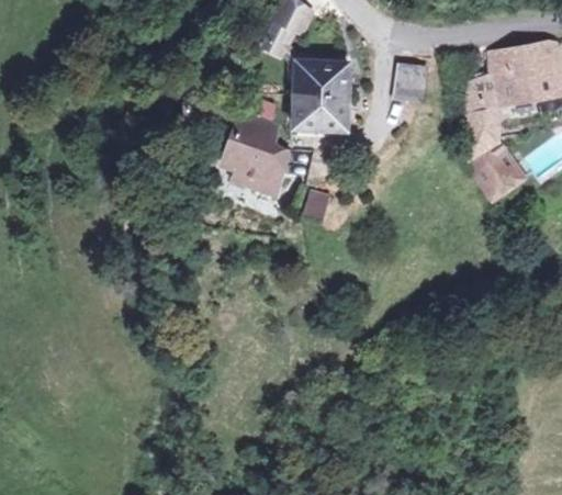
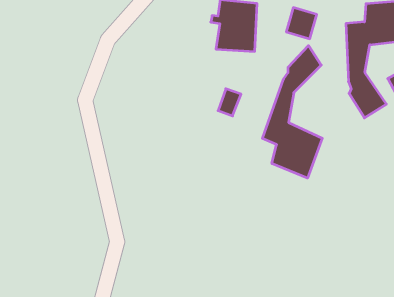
building: [224,111,290,193] -> none
building: none -> [262,46,322,178]

